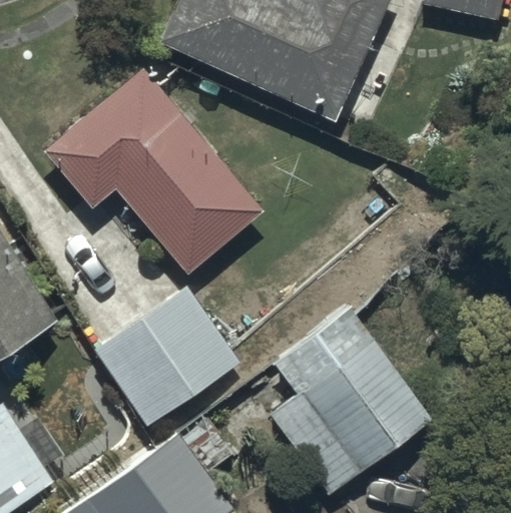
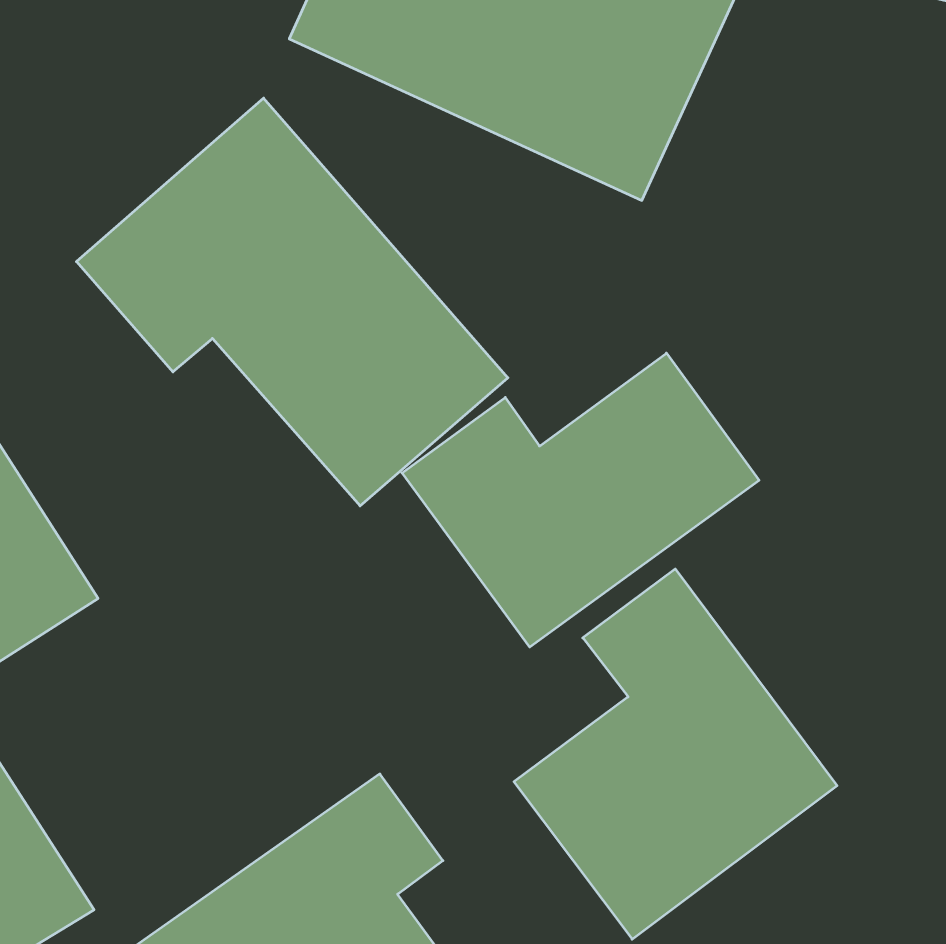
building: none -> [402,353,759,647]
building: [92,285,237,427] -> none

